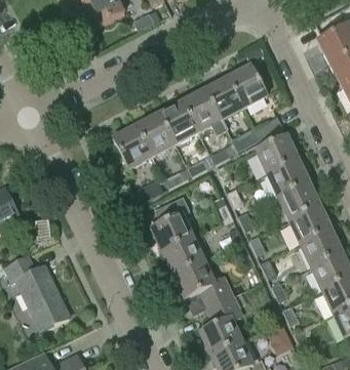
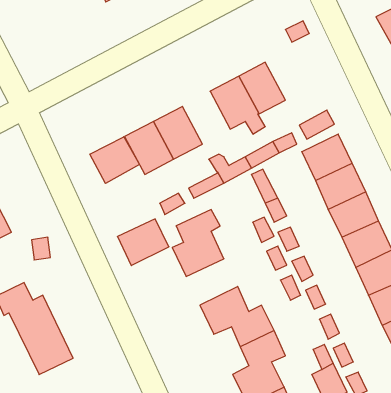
building: [227,65,267,108] -> none
building: [159,100,198,143] -> none
building: none -> [90,137,140,183]
building: [162,237,204,275] -> [117,219,169,266]

